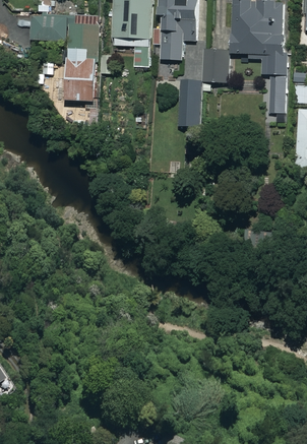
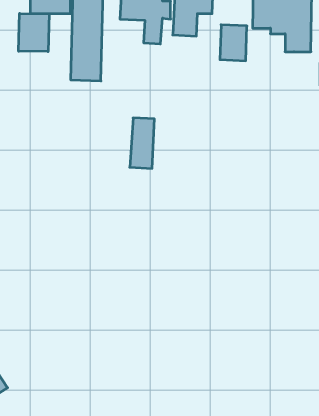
building: none -> [19,13,49,52]
building: [267,74,284,113] -> none
building: [176,80,198,126] -> [130,118,154,168]

